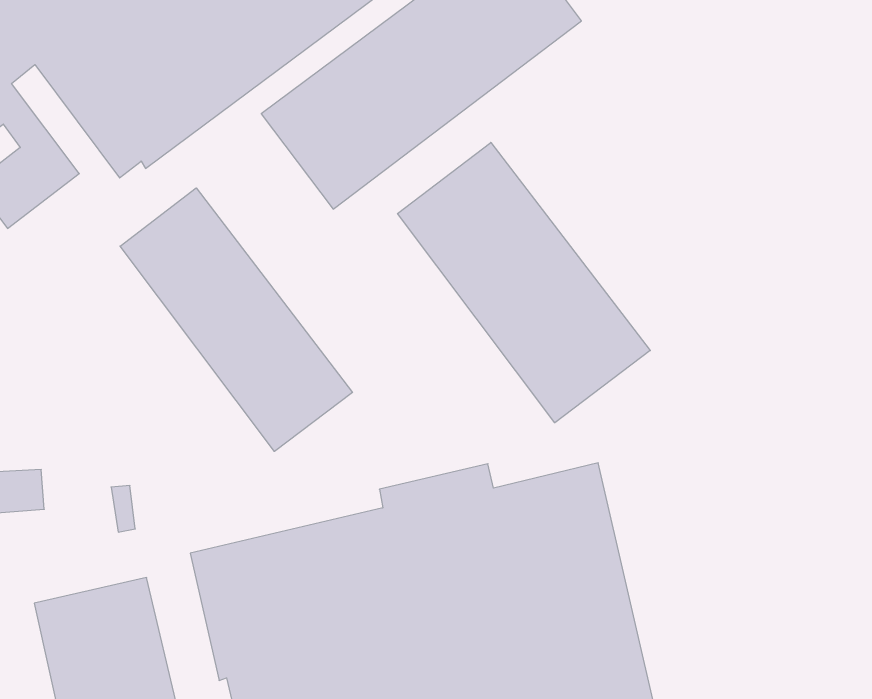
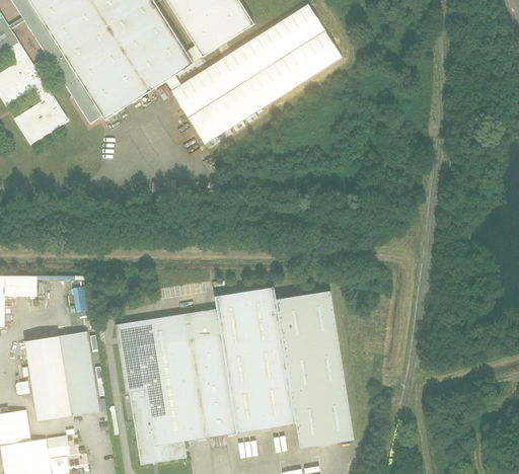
building: [398,142,650,423] -> none
building: [120,188,352,451] -> none

